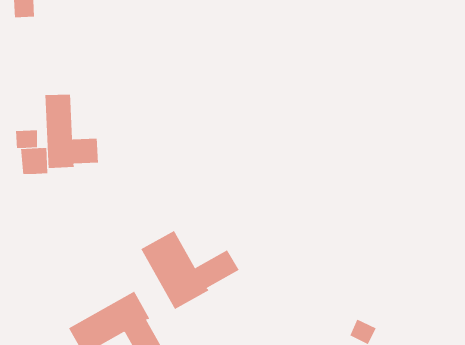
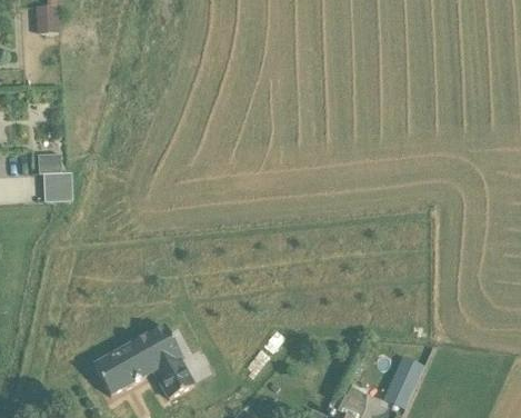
building: [45,94,98,169] -> none
building: [141,230,239,310] -> none

